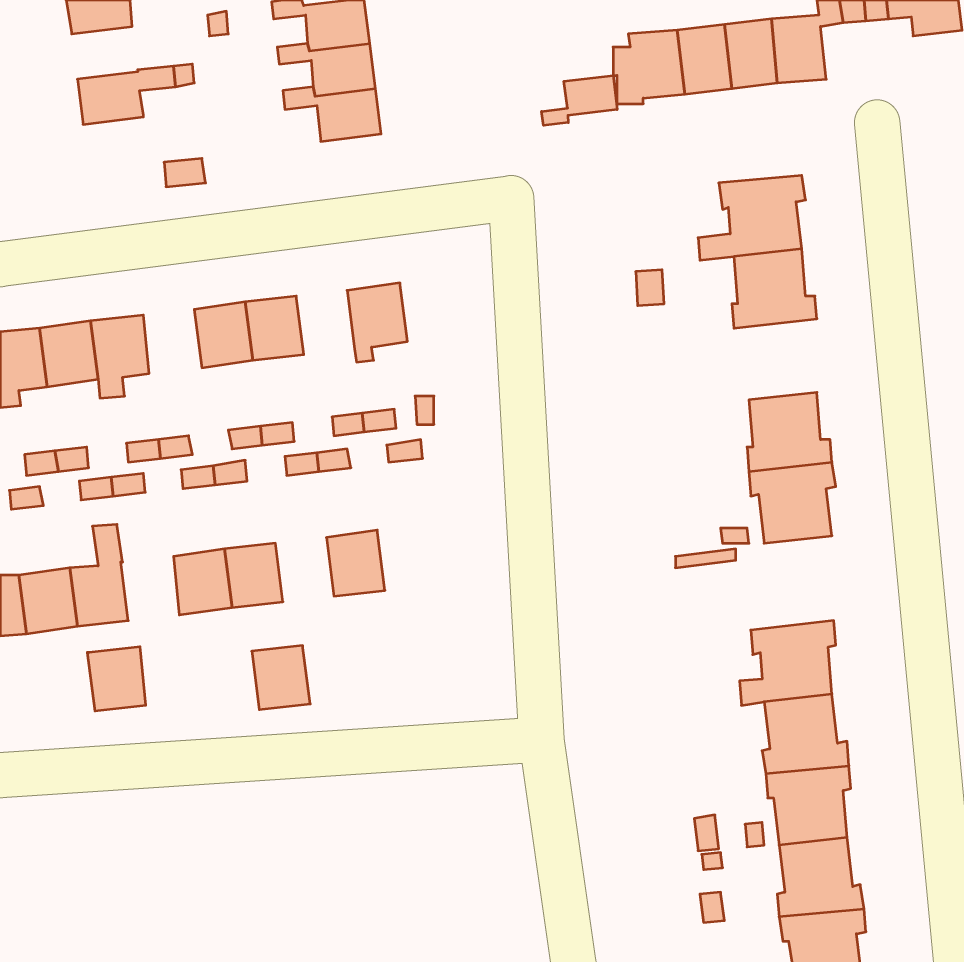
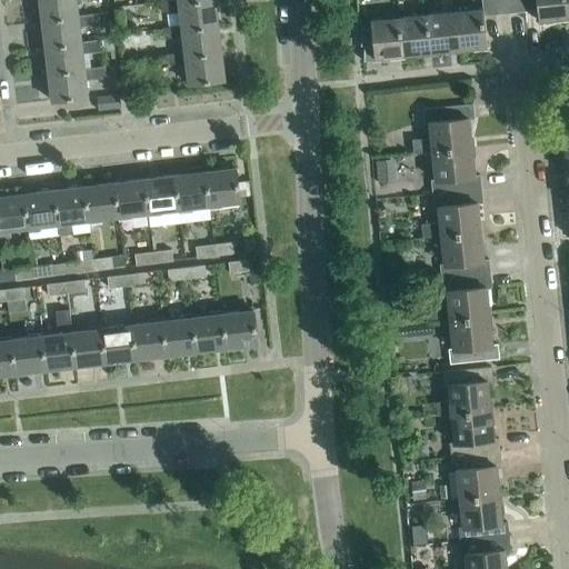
building: none -> [42,13,100,48]
building: [542,75,617,125] -> none
building: none -> [49,67,107,101]
building: none -> [174,172,209,210]
building: none -> [84,183,119,221]
building: none -> [421,189,483,239]
building: none -> [222,310,258,349]
building: none -> [449,317,499,365]
building: [252,646,310,710] -> [162,318,197,356]
building: [87,647,146,711] -> [71,329,106,367]

